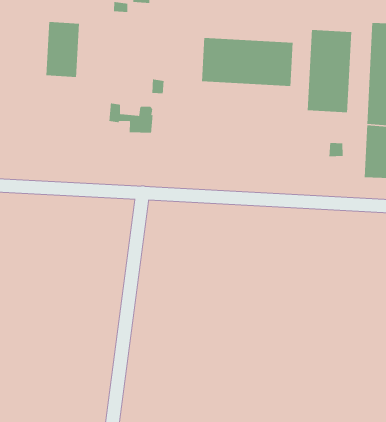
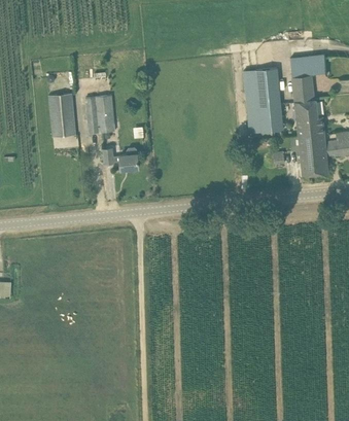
building: none -> [85,96,118,134]
building: [201,37,293,87] -> none

